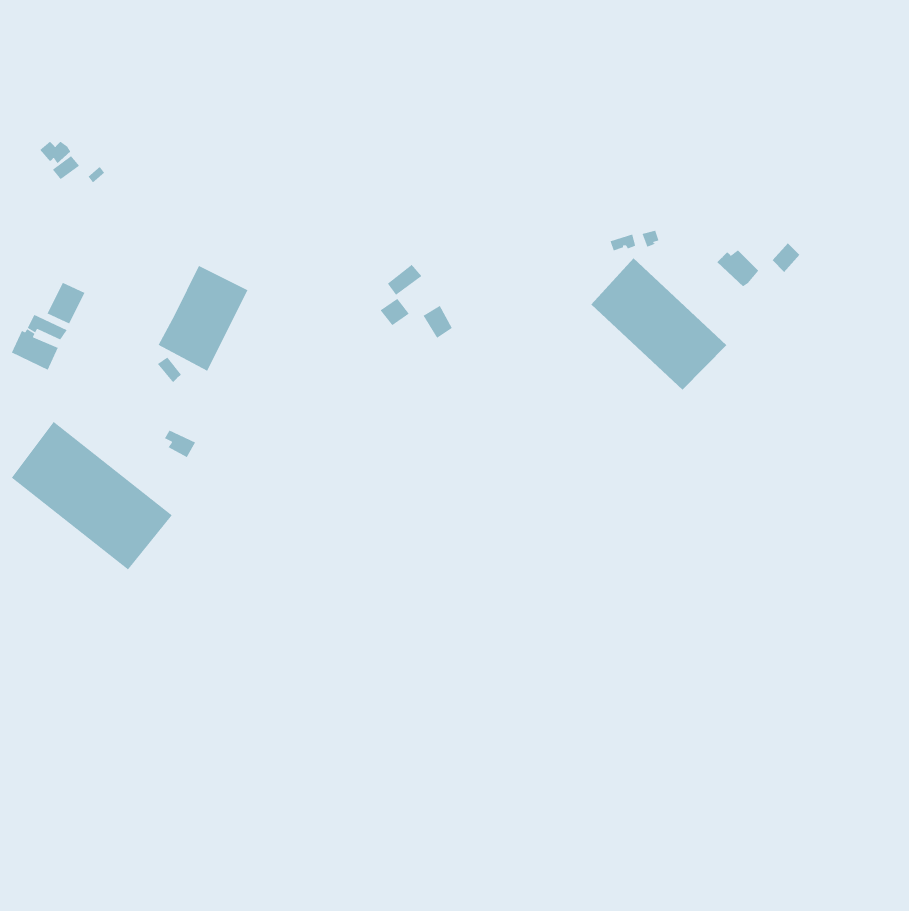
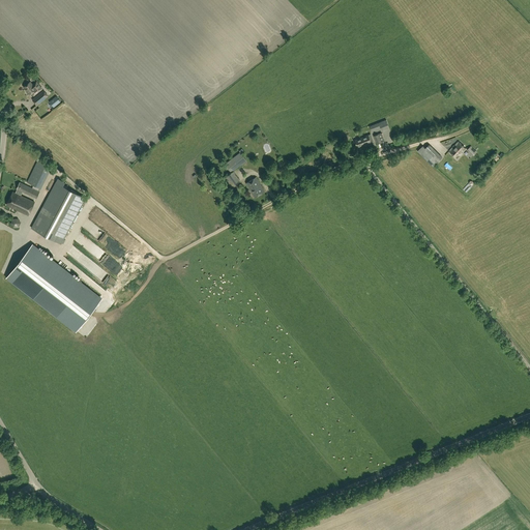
building: [591,258,727,391] -> none
building: [158,265,249,372] -> [31,182,84,244]

